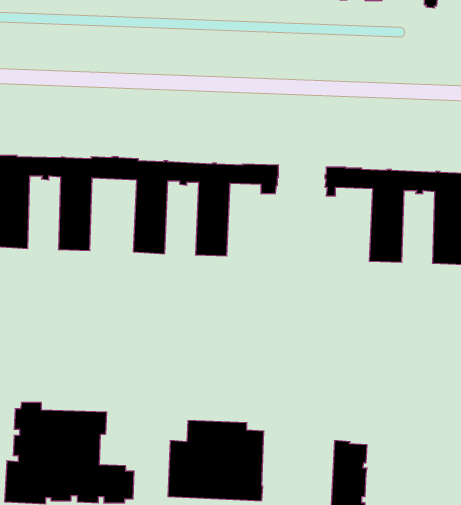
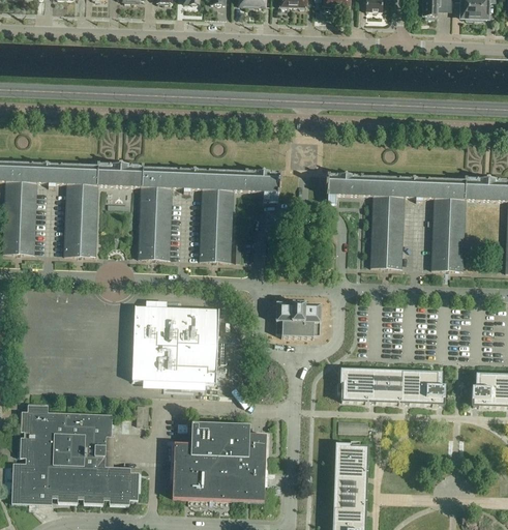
building: none -> [275,302,321,337]
building: none -> [131,304,219,383]
building: none -> [339,367,445,404]

